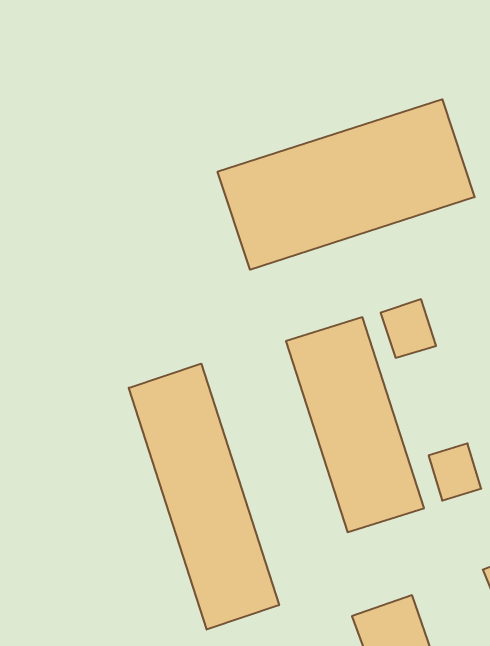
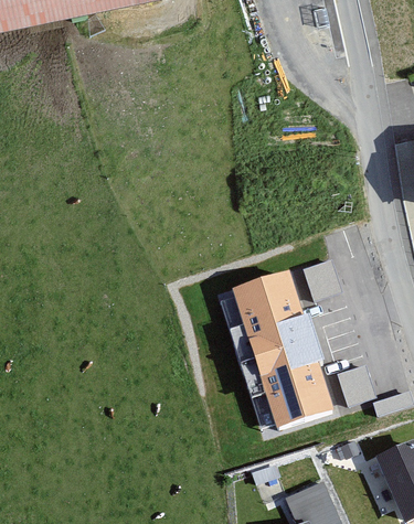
building: [218,99,475,270] -> none
building: [129,364,279,630] -> none

